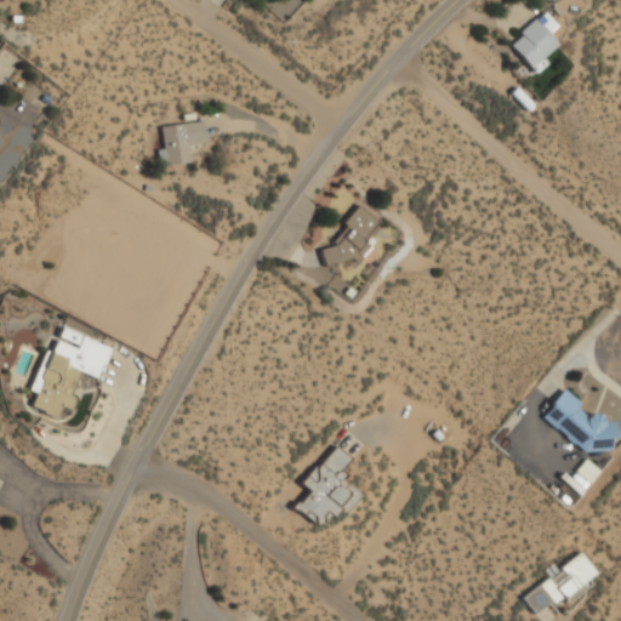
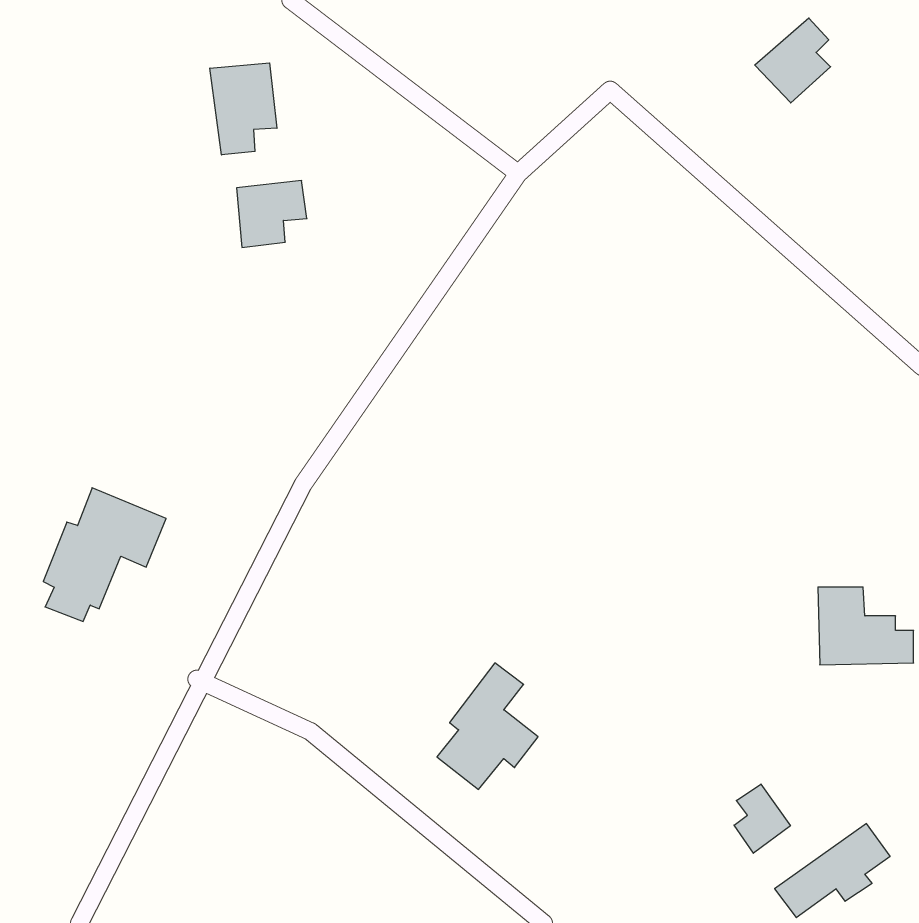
building: none -> [210,63,277,155]
building: [324,206,382,267] -> none
building: none -> [734,784,790,853]

